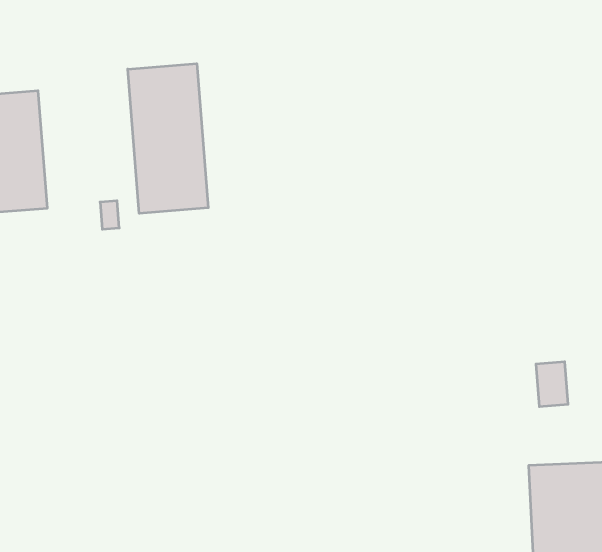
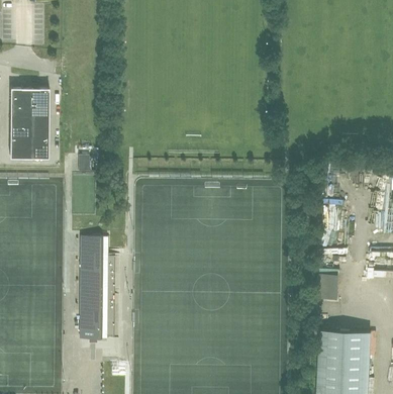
building: [128,64,208,213] -> none
building: none -> [79,237,116,340]

